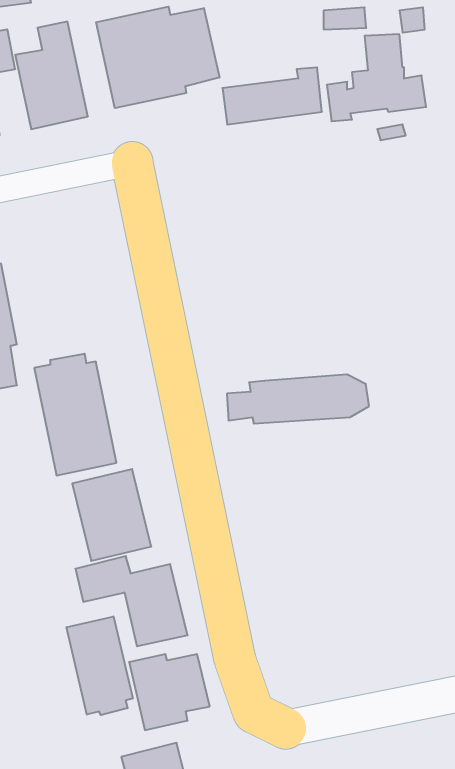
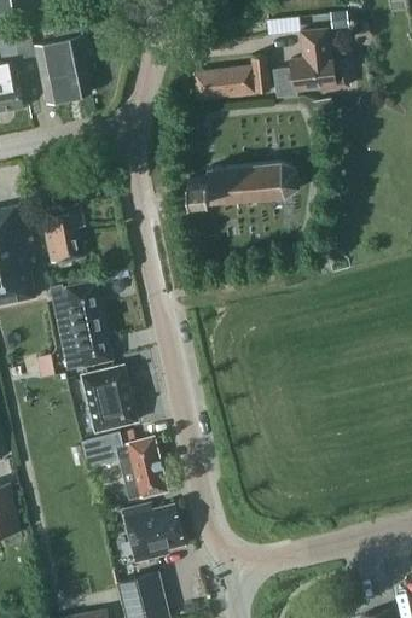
building: [96,7,219,108] -> none
building: none -> [41,204,85,264]
building: [227,375,369,424] -> [190,163,298,200]
building: [67,616,133,715] -> none

